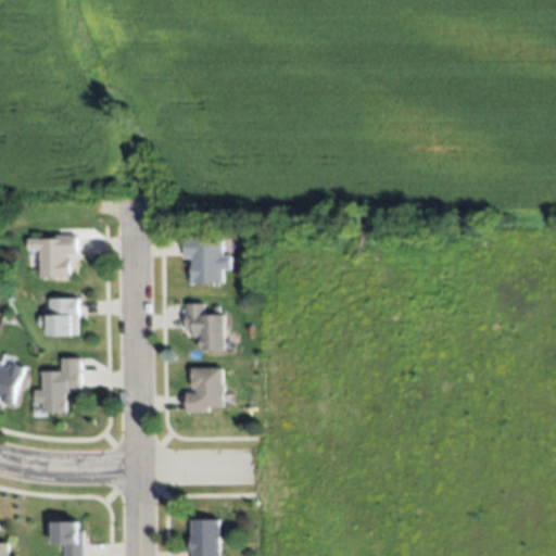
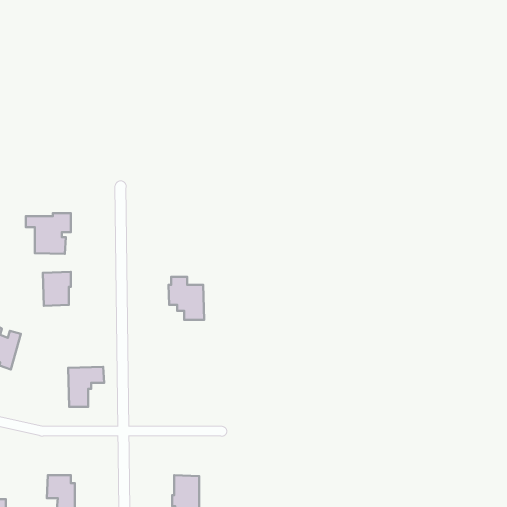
building: [185,238,230,286] -> none
building: [186,368,220,414] -> none
building: [41,370,80,414] -> [68,367,104,407]

